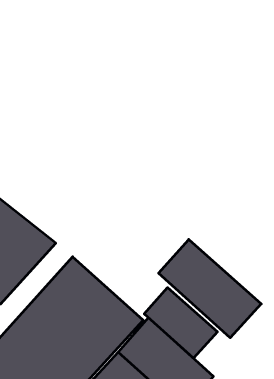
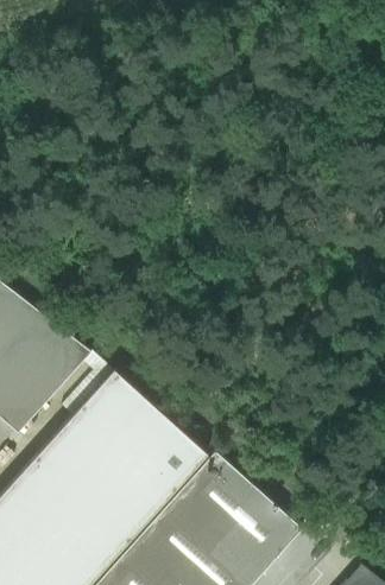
building: [159,239,261,338] -> none
building: [144,288,217,358] -> none

